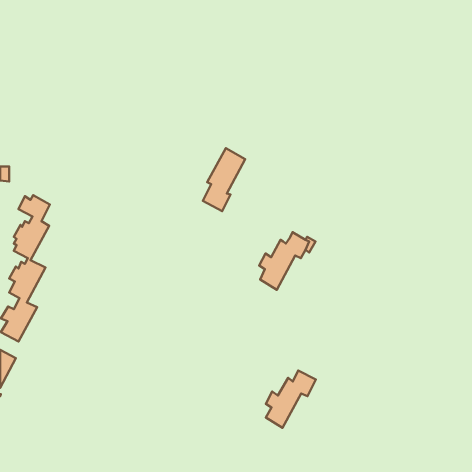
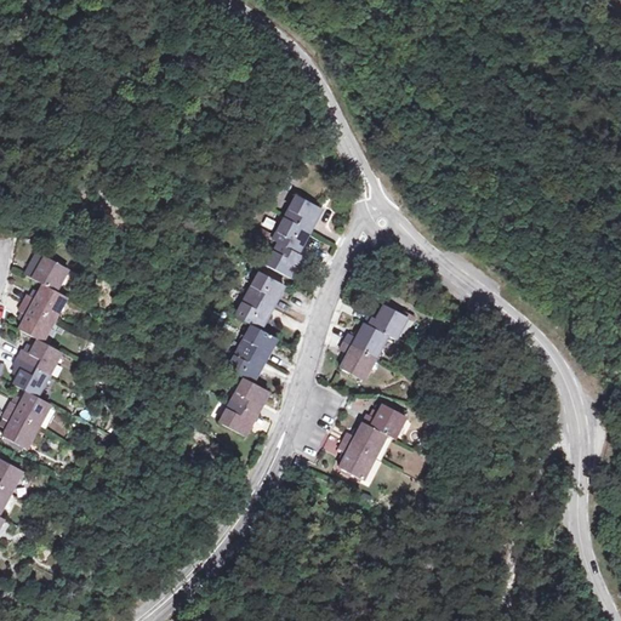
building: none -> [221,272,285,434]
building: [266,370,316,428] -> [340,404,405,479]

